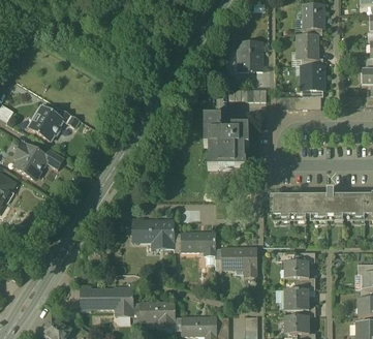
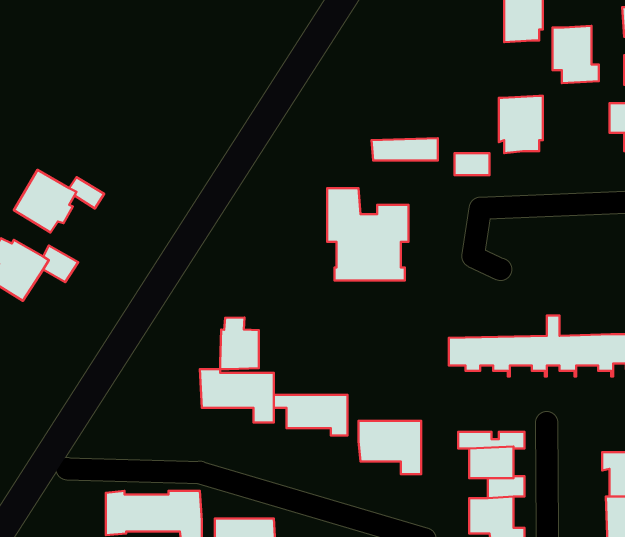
building: [297,33,322,65] -> [553,26,599,83]
building: [238,41,262,70] -> none
building: none -> [220,318,259,369]

